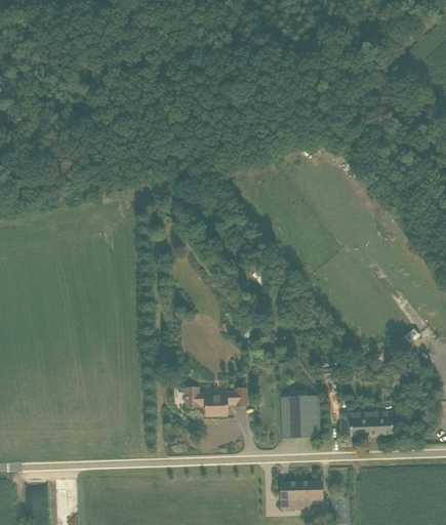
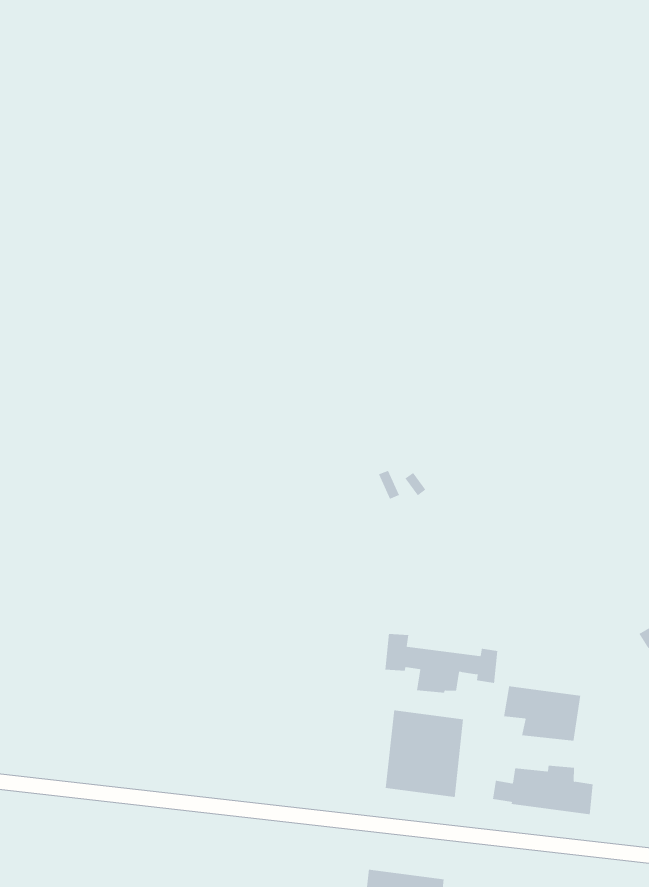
building: none -> [503,685,581,741]
building: [186,387,246,415] -> [384,634,498,693]

